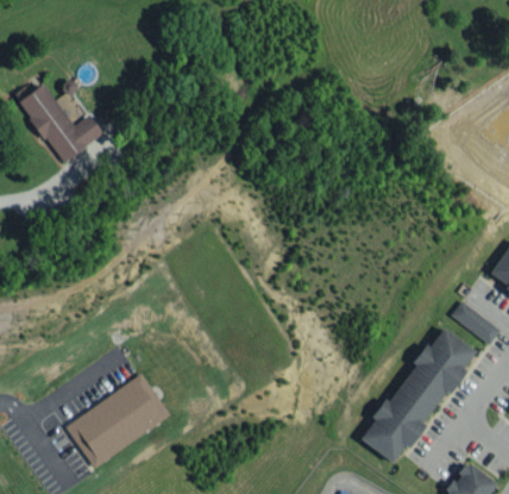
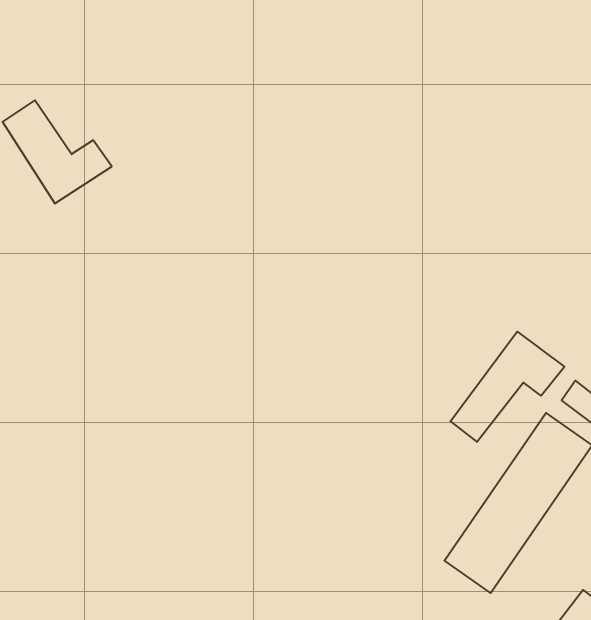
building: none -> [450,332,564,442]
building: [67,374,171,468] -> none

